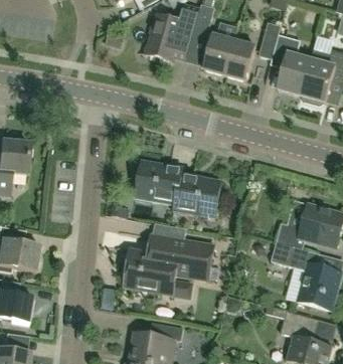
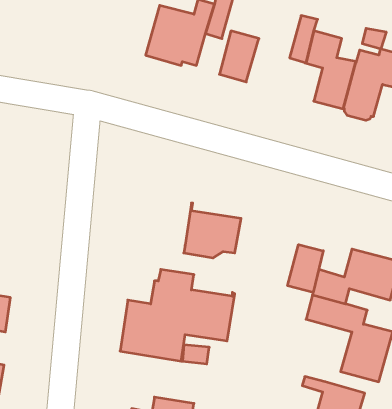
building: [224,39,255,79] -> none
building: [138,163,181,202] -> none
building: none -> [288,245,323,292]

